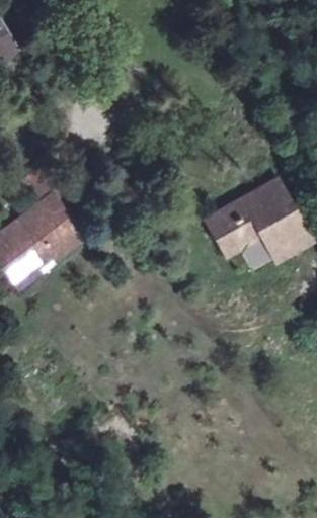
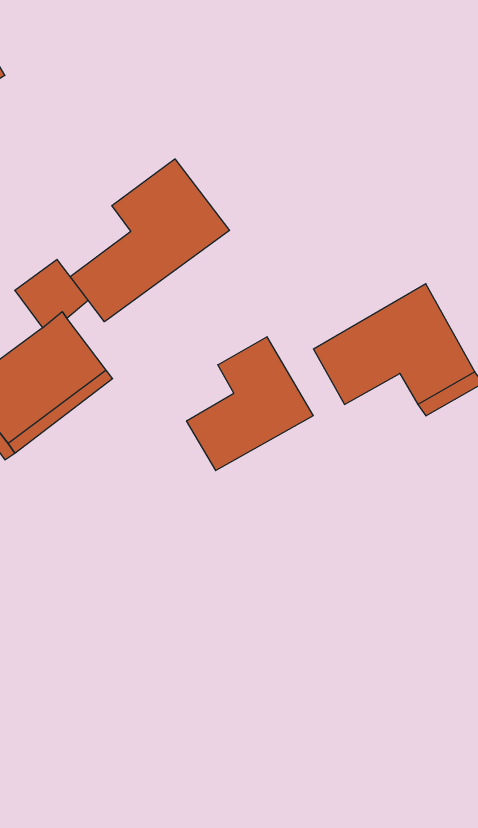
building: none -> [70,159,230,322]
building: none -> [187,337,313,471]

